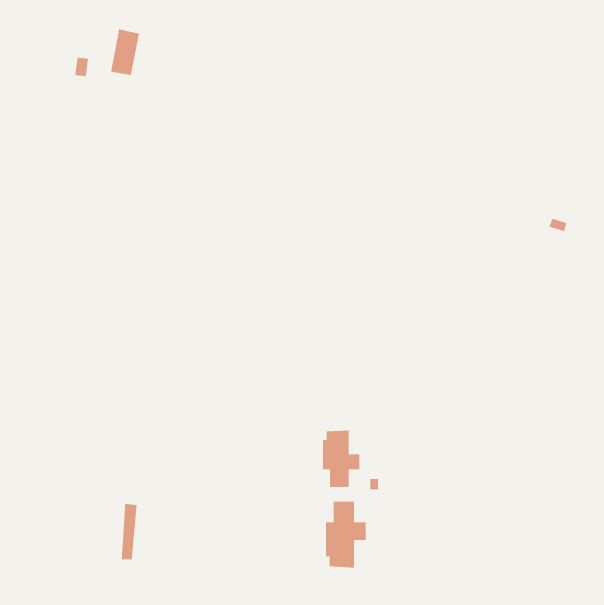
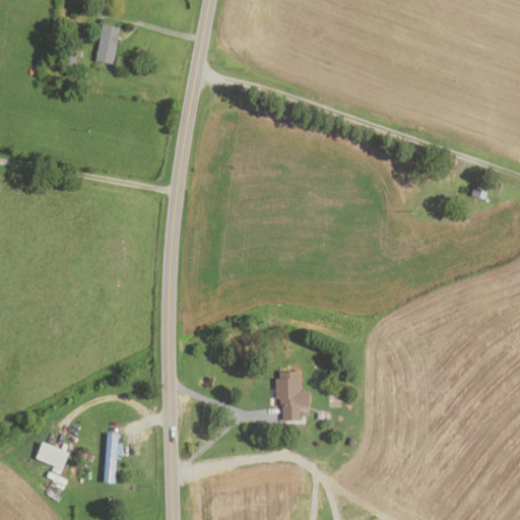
building: [325,501,366,568] -> none
building: none -> [36,441,69,468]

